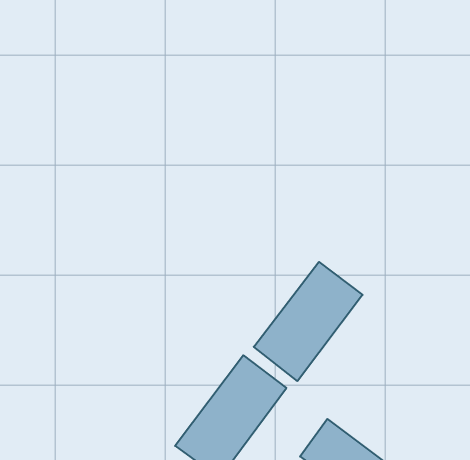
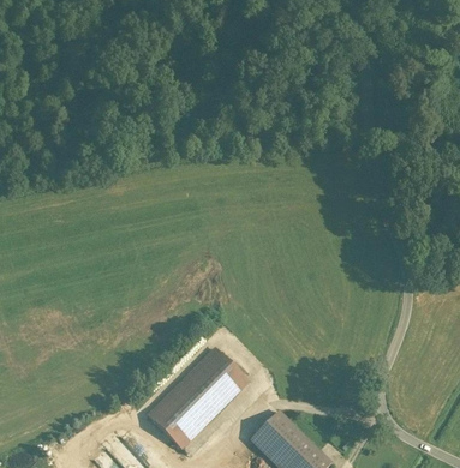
building: [254,262,363,381] -> none

